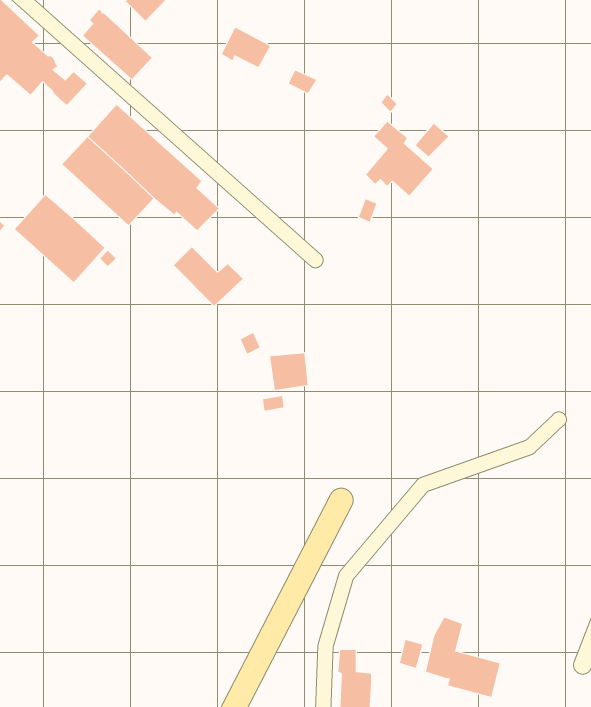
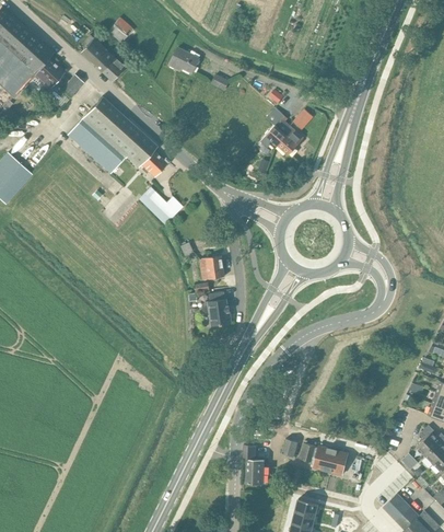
building: [14,194,105,283] -> none
building: none -> [201,291,231,325]

